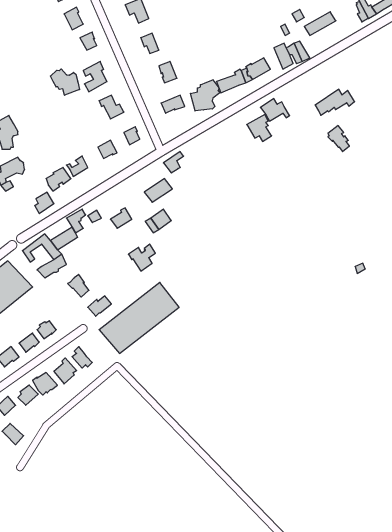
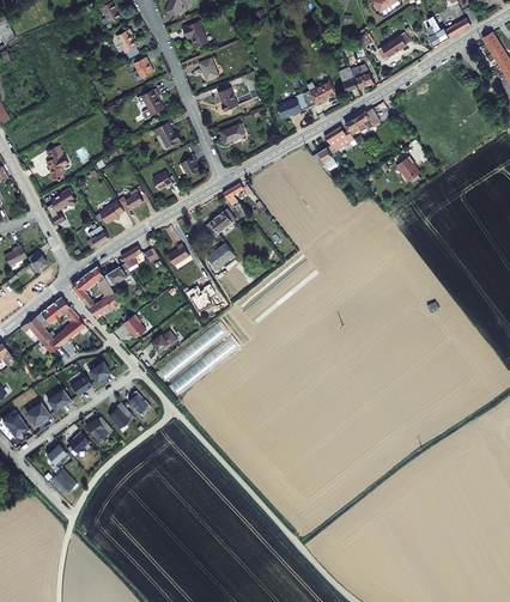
building: [50,69,80,95] -> none
building: [190,80,220,111] -> none
building: [315,89,355,115] -> [345,108,387,135]

